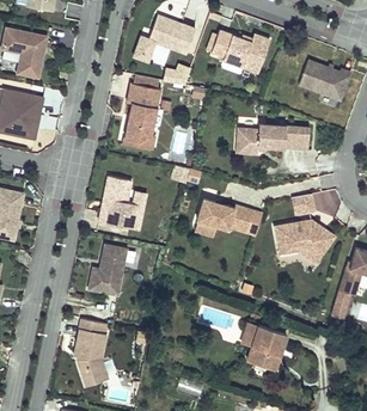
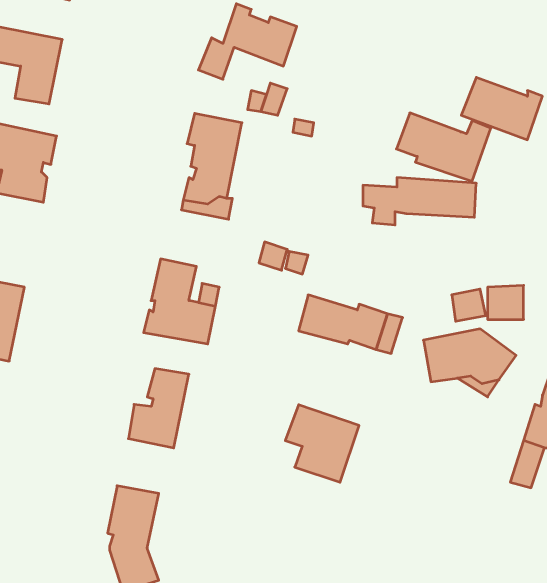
building: [210,30,270,73] -> [396,113,491,181]
building: [240,321,287,370] -> [285,405,359,482]

